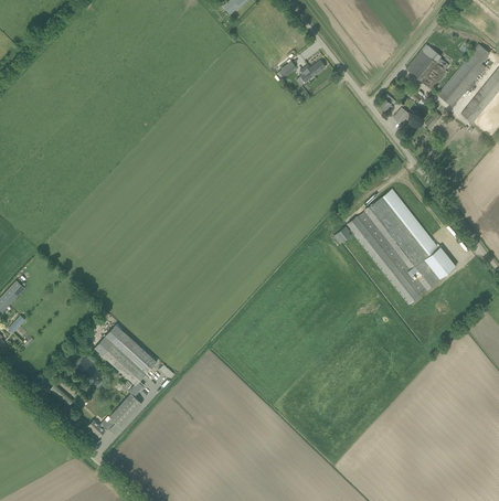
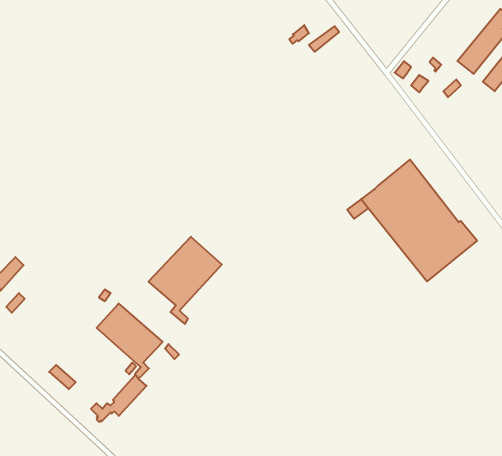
building: [406,44,449,90] -> none
building: none -> [149,237,222,324]

